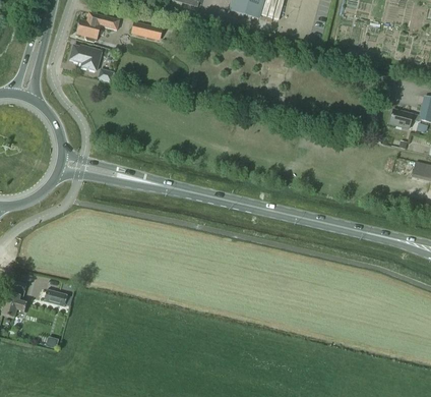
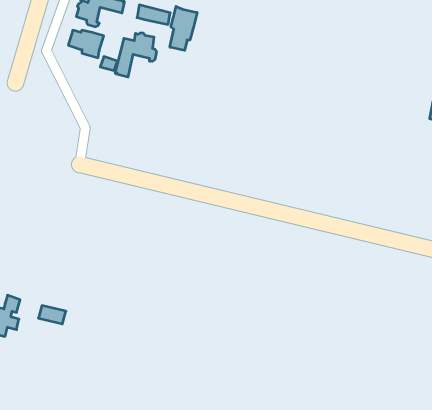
building: none -> [170,6,197,50]
building: none -> [115,33,156,77]

